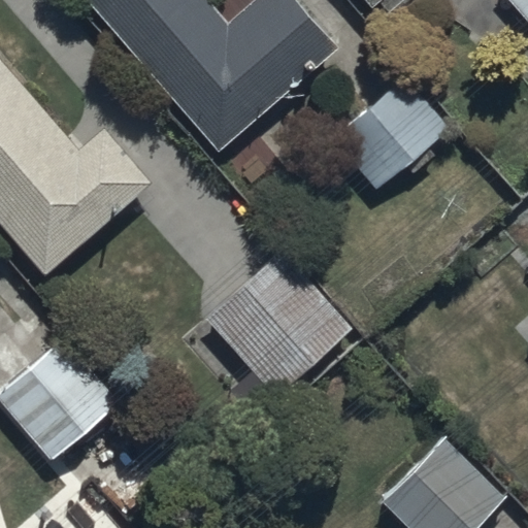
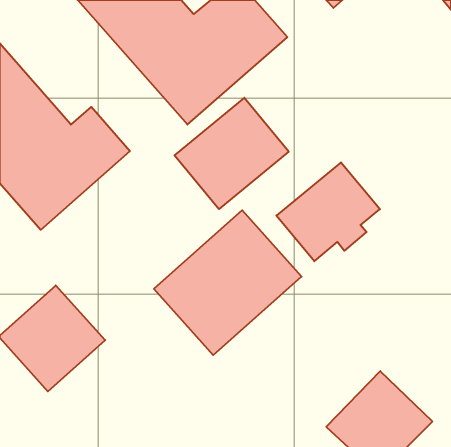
building: [330,75,451,191] -> [276,162,380,261]
building: none -> [175,98,289,209]

